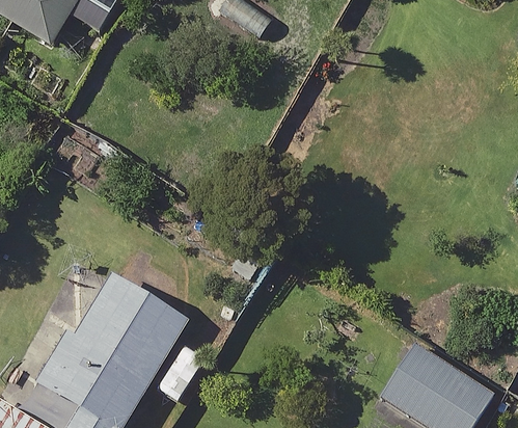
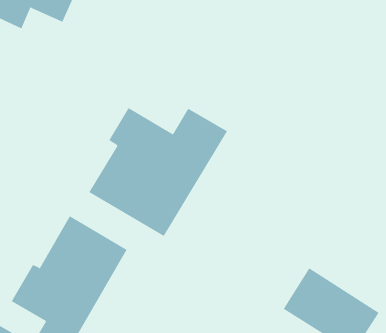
building: none -> [88,107,228,237]

